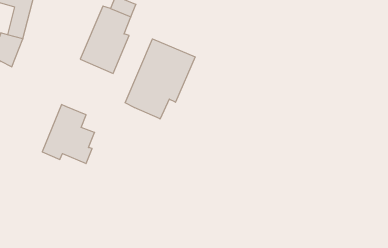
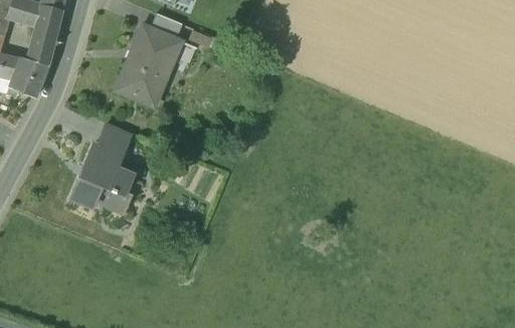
building: [125,39,195,119] -> none
building: none -> [99,123,132,155]

